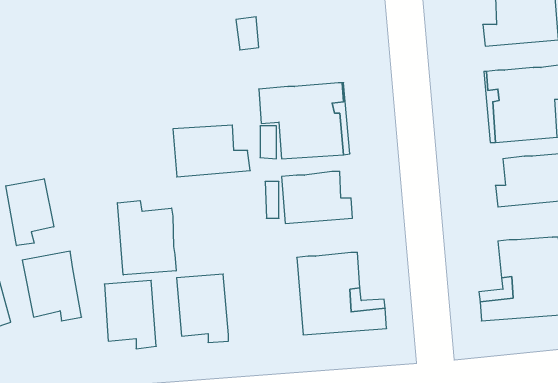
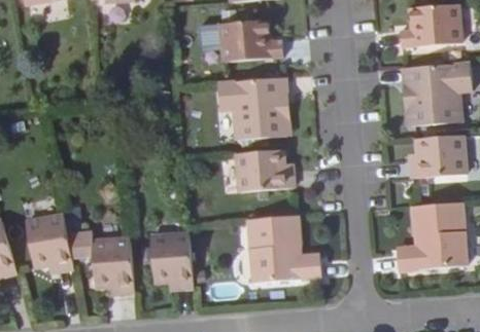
building: [173,125,250,177] -> [220,20,283,62]
building: [6,179,54,246] -> none
building: [117,201,176,275] -> none

